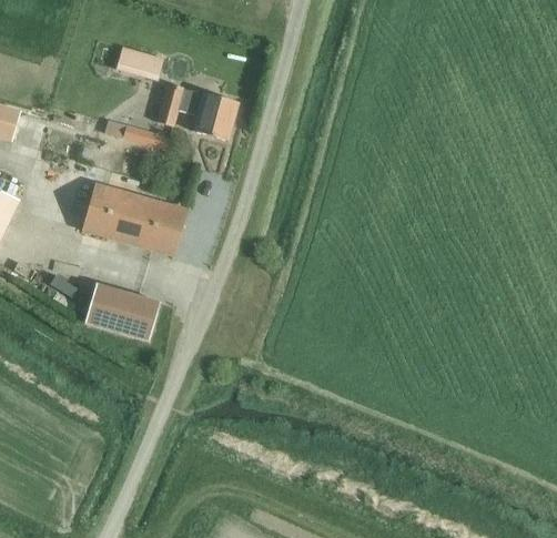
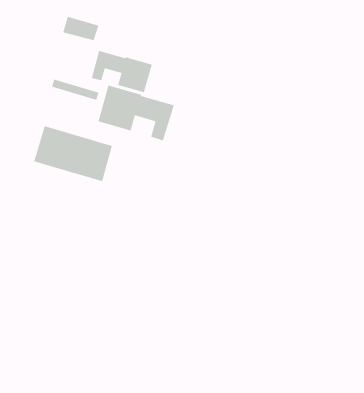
building: none -> [97,84,175,142]
building: [83,283,156,339] -> none

